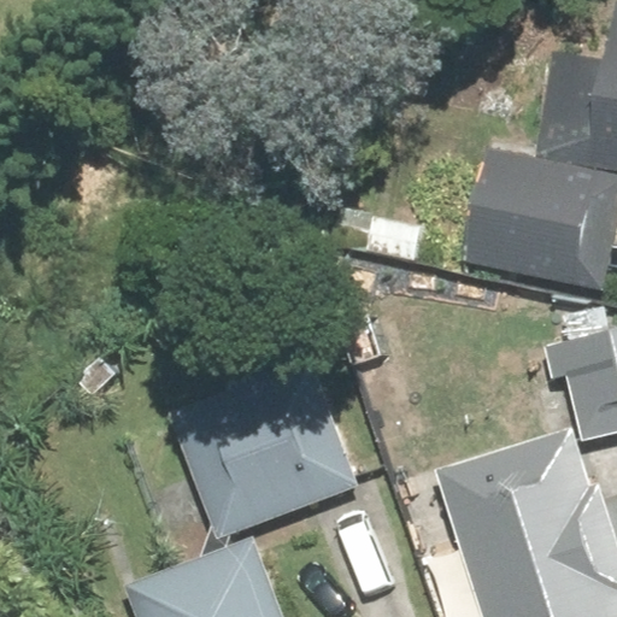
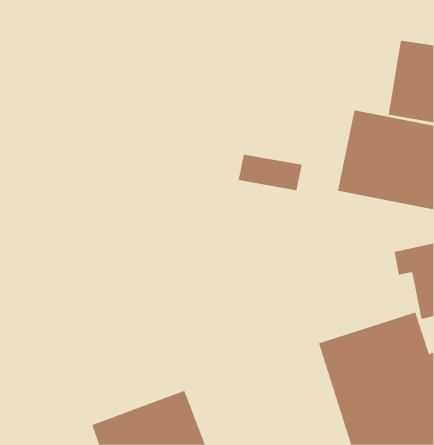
building: [171,364,359,541] -> none

